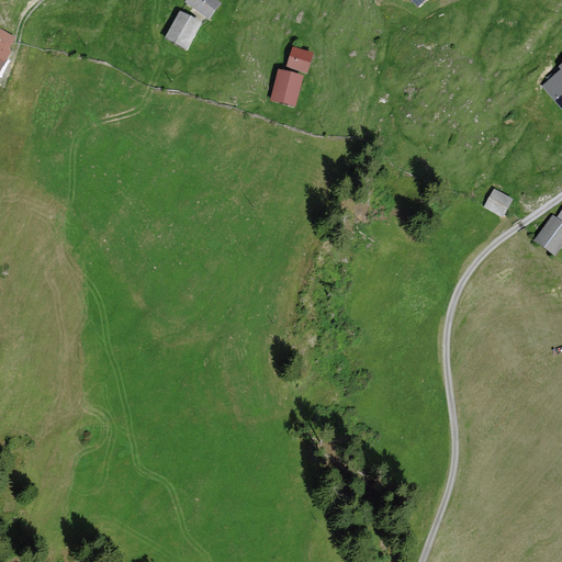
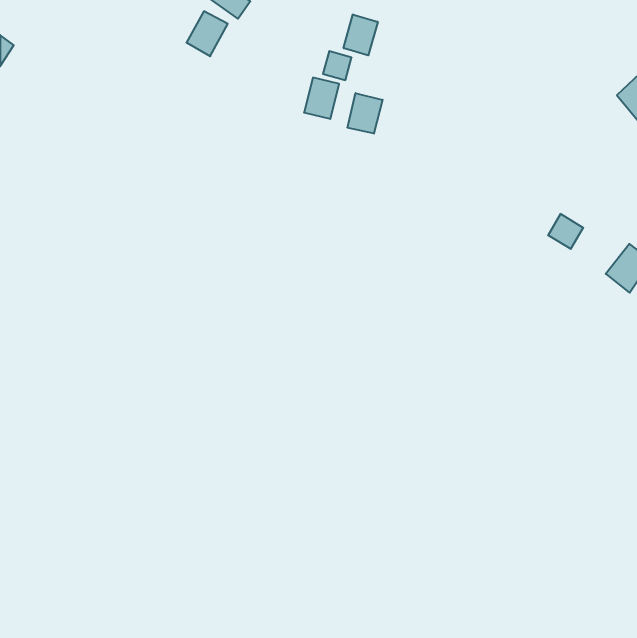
building: none -> [344,14,378,55]
building: none -> [348,93,383,134]

